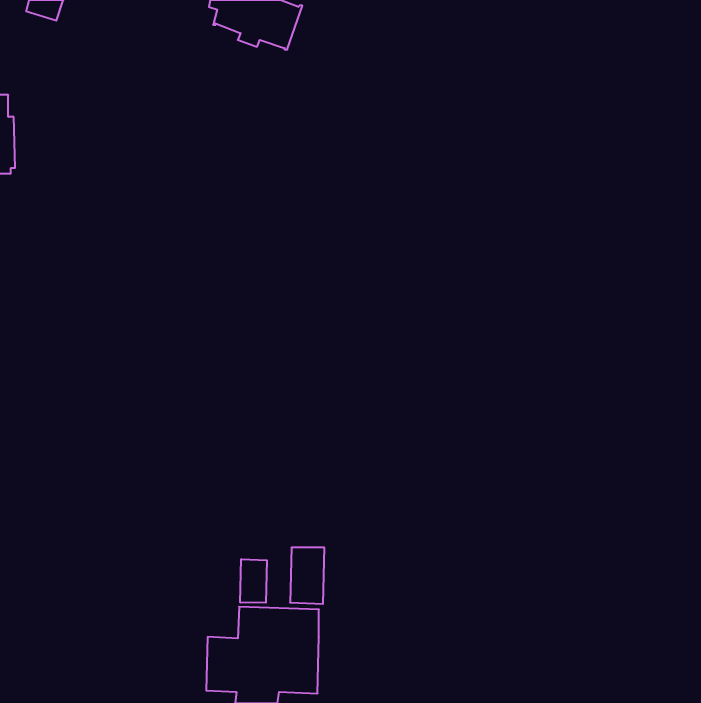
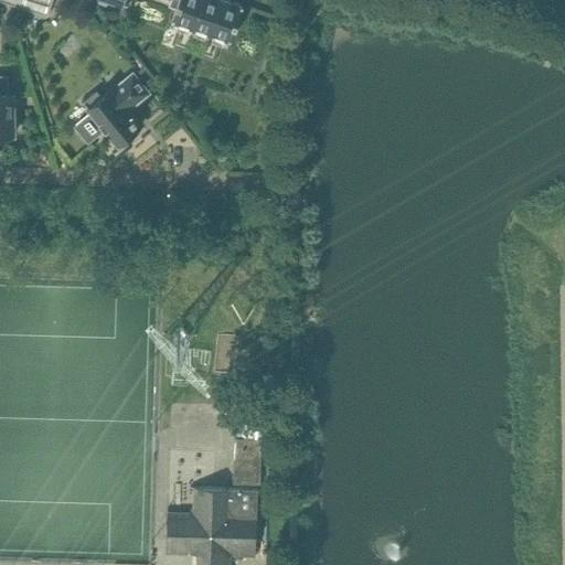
building: none -> [81,75,147,145]
building: [240,559,267,603] -> none

